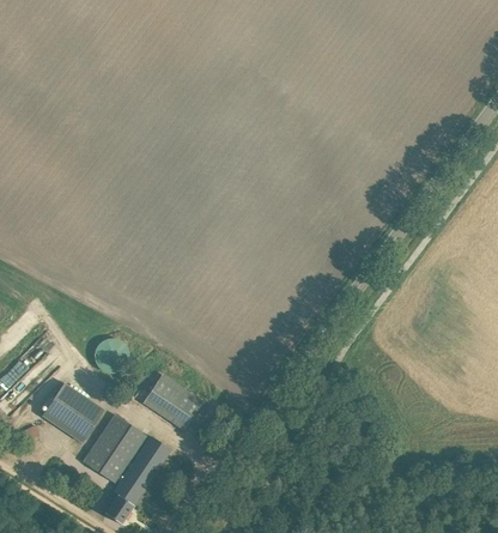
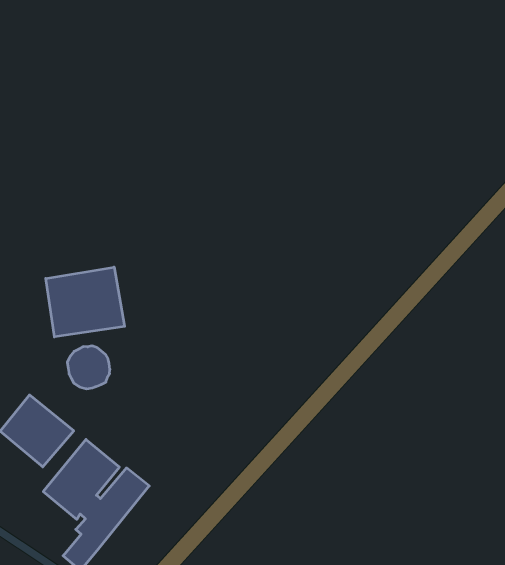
building: none -> [46,267,125,337]
building: [141,373,202,429] -> none

